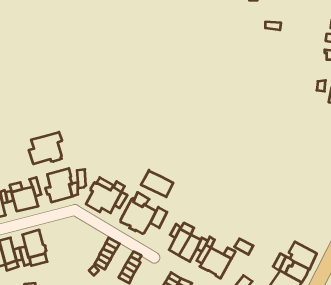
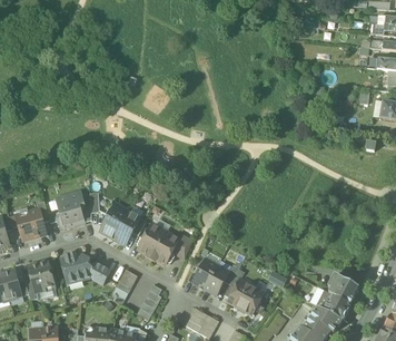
building: [29,132,62,164] -> none
building: [141,170,173,197] -> none
building: none -> [60,252,109,284]

